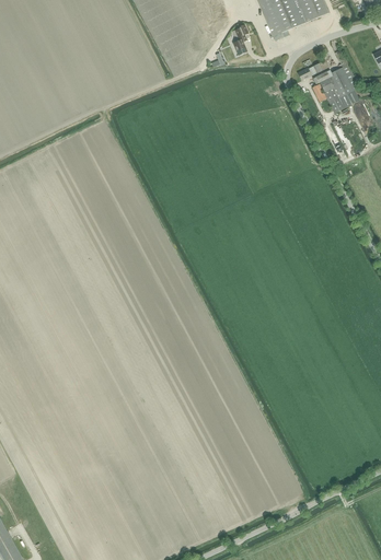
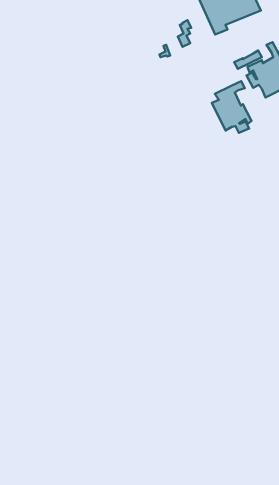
building: none -> [212,81,252,133]

